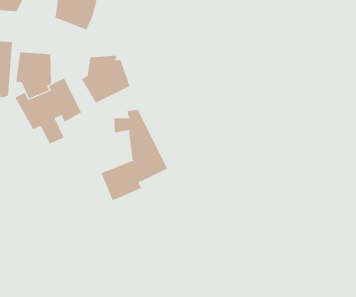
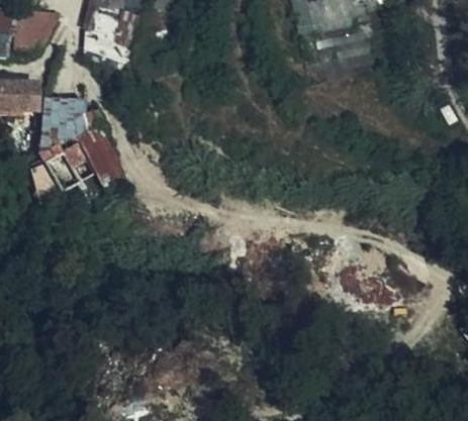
building: [81,55,130,104] -> none
building: [101,109,168,201] -> none

